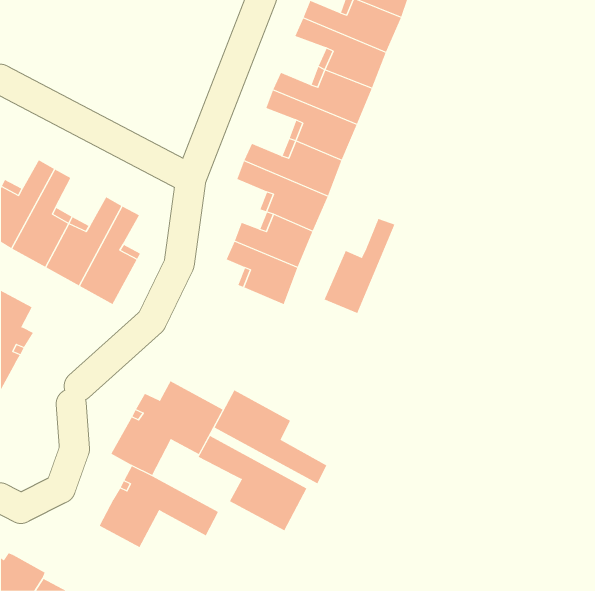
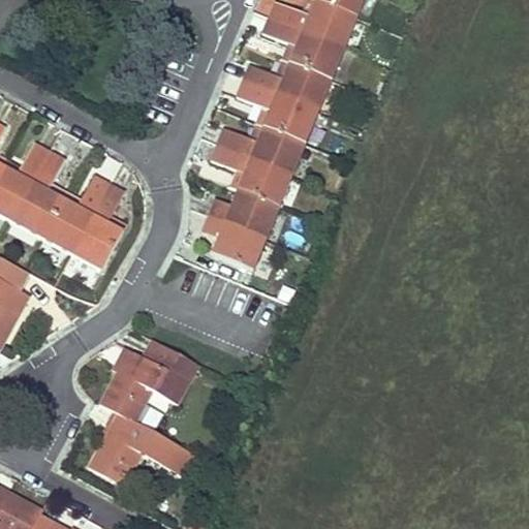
building: [324,218,395,314] -> none
building: [214,389,327,484] -> none
building: [198,435,307,531] -> none

